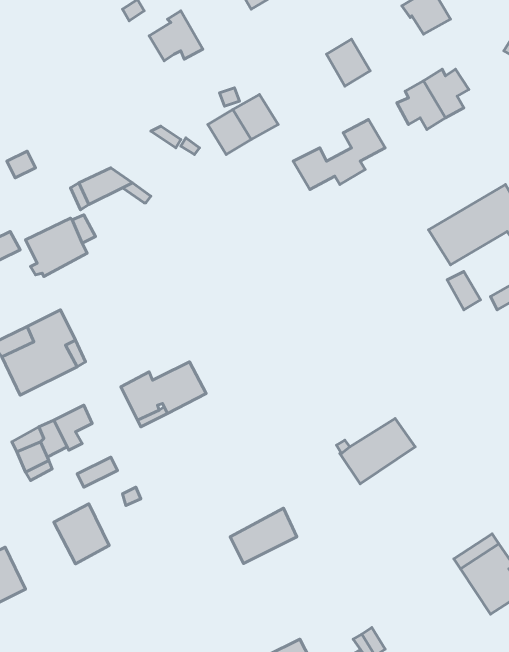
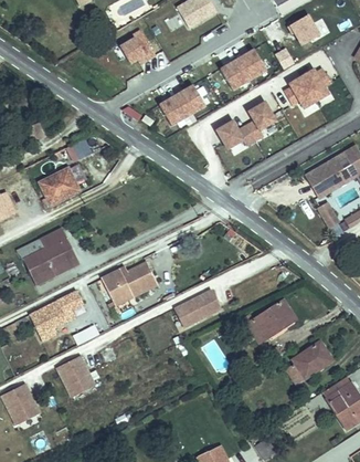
building: none -> [220,59,250,90]
building: none -> [287,340,332,384]
building: [230,508,297,563] -> [176,290,220,326]

